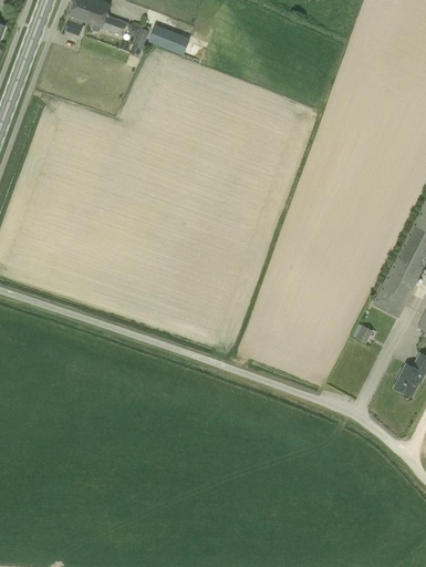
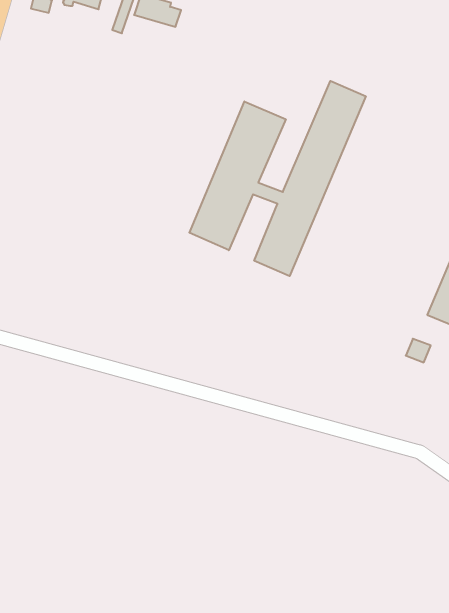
building: none -> [189,81,366,276]

